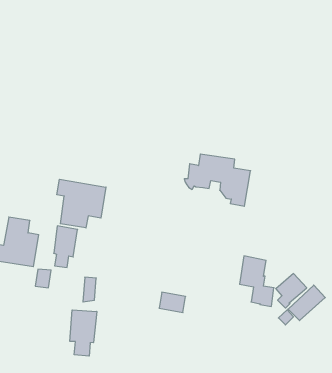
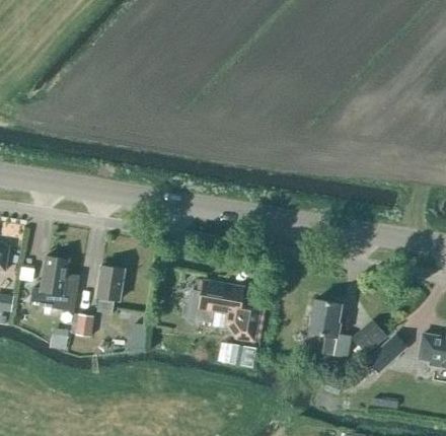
building: [184,154,251,206] -> [184,282,261,342]
building: [57,179,106,228] -> none
building: [70,310,97,356] -> none

